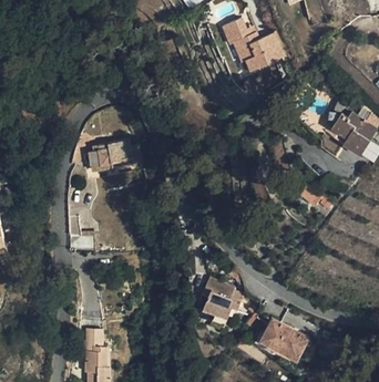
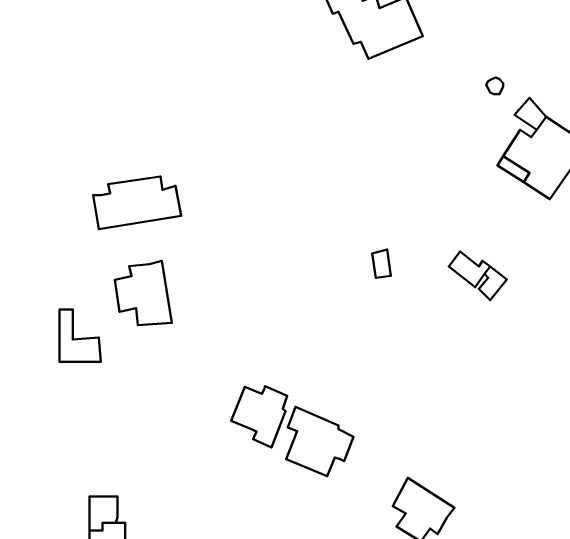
building: none -> [115,261,172,325]
building: none -> [231,386,287,447]

